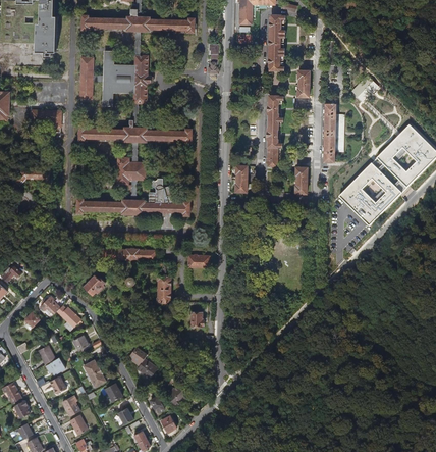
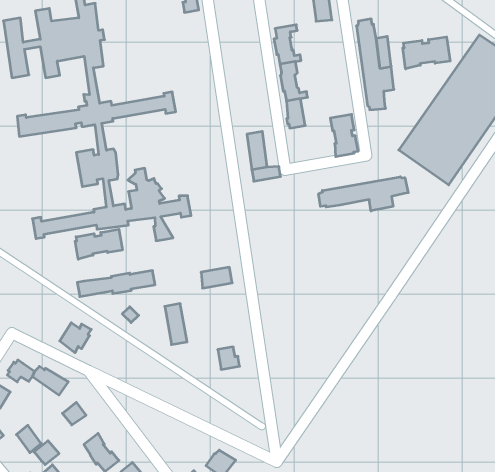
building: none -> [403,37,450,69]
building: none -> [319,177,408,211]
building: none -> [75,229,122,259]
building: [131,346,159,379] -> none

